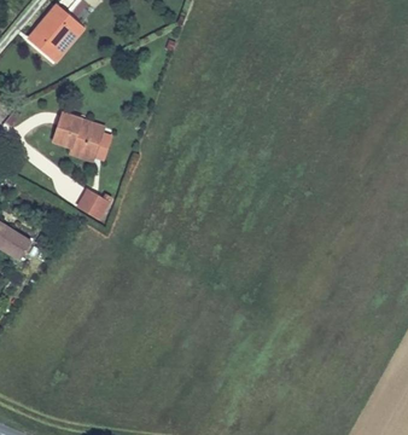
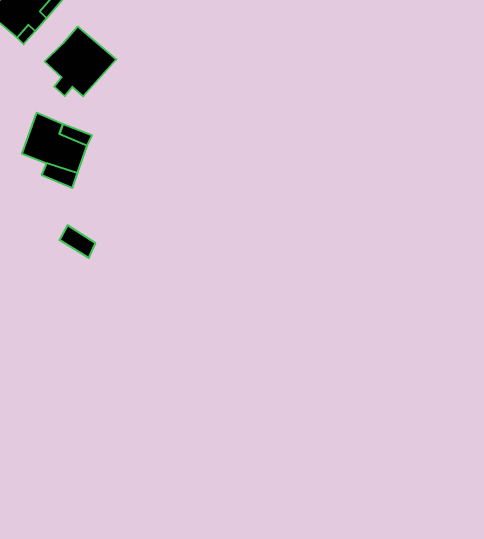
building: none -> [45,27,116,96]

